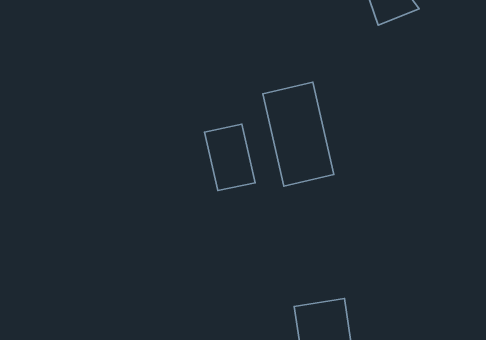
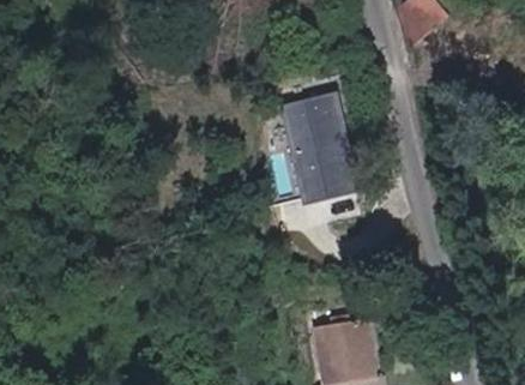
building: [204,124,255,191] -> none

